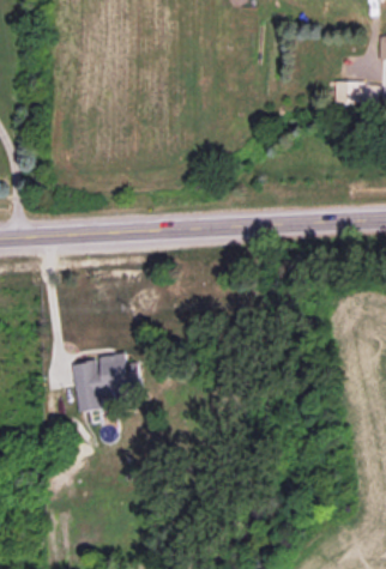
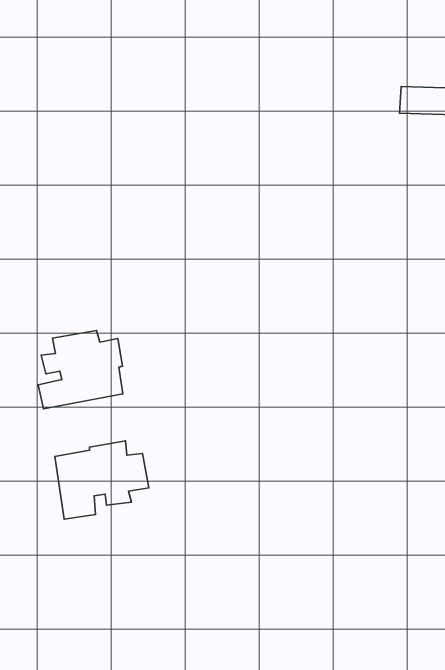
building: none -> [38,331,123,409]

